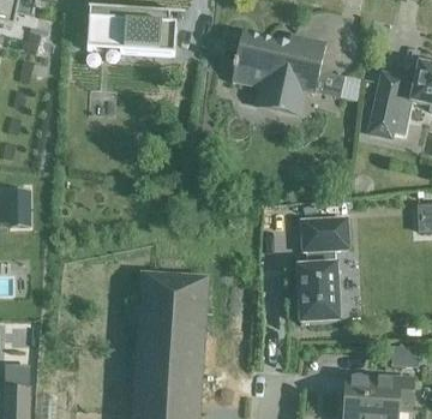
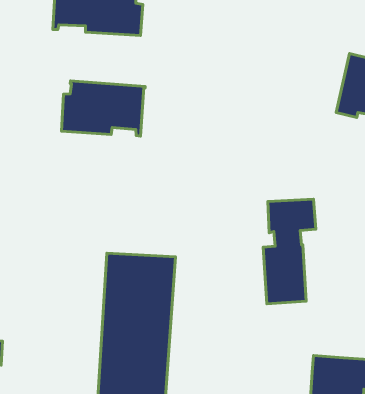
building: [232,35,340,112] -> none
building: none -> [62,81,145,136]

